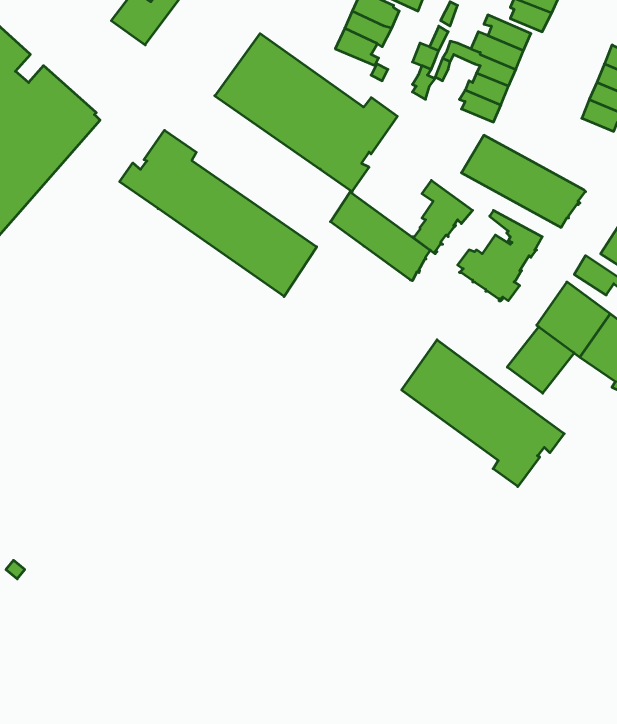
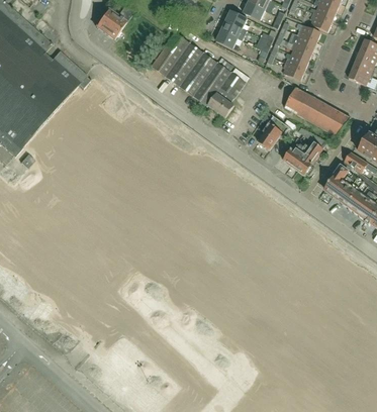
building: [120,130,317,297] -> none
building: [330,192,430,281] -> none
building: [507,327,574,393] -> none
building: [402,340,564,487] -> none

